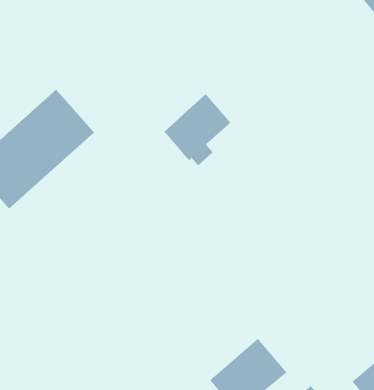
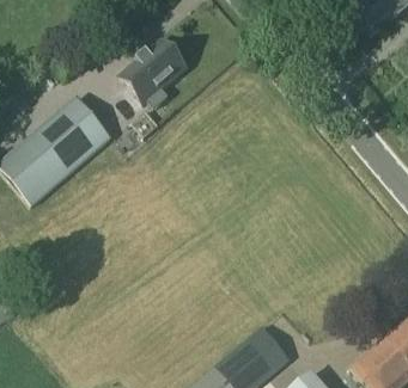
building: [163,93,231,166] -> [122,39,185,107]

